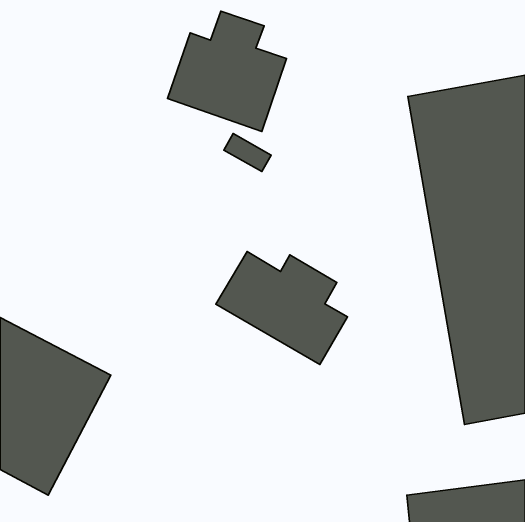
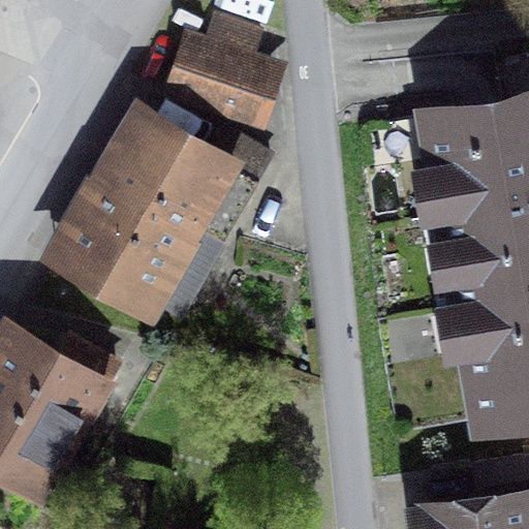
building: none -> [46,105,242,321]
building: [216,252,348,365] -> none

